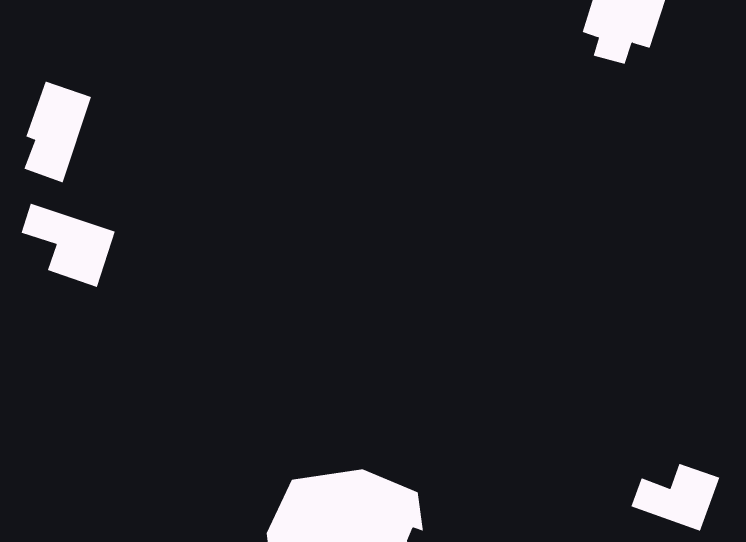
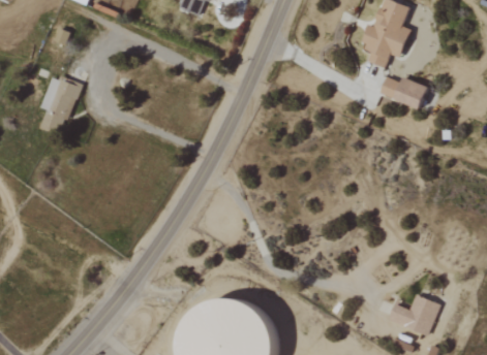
building: none -> [379,77,427,108]
building: [21,203,115,288] -> none

